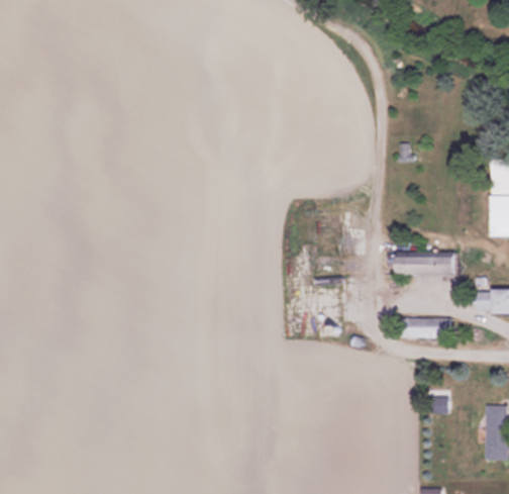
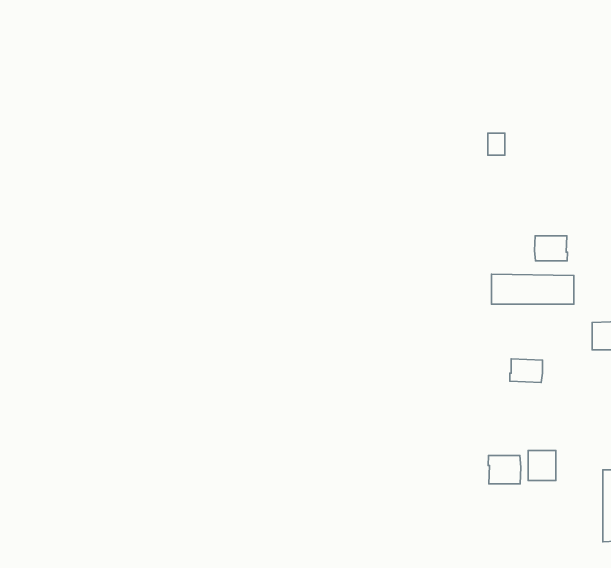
building: none -> [535,236,567,261]
building: none -> [488,455,521,484]

